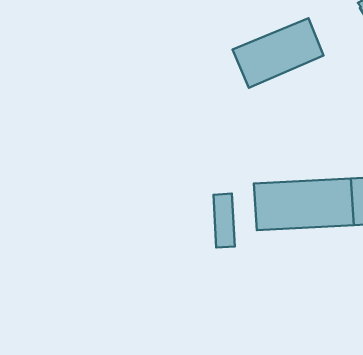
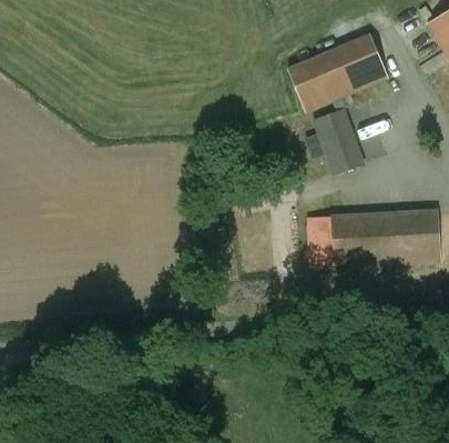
building: none -> [314,109,360,171]
building: [214,194,235,248] -> none

